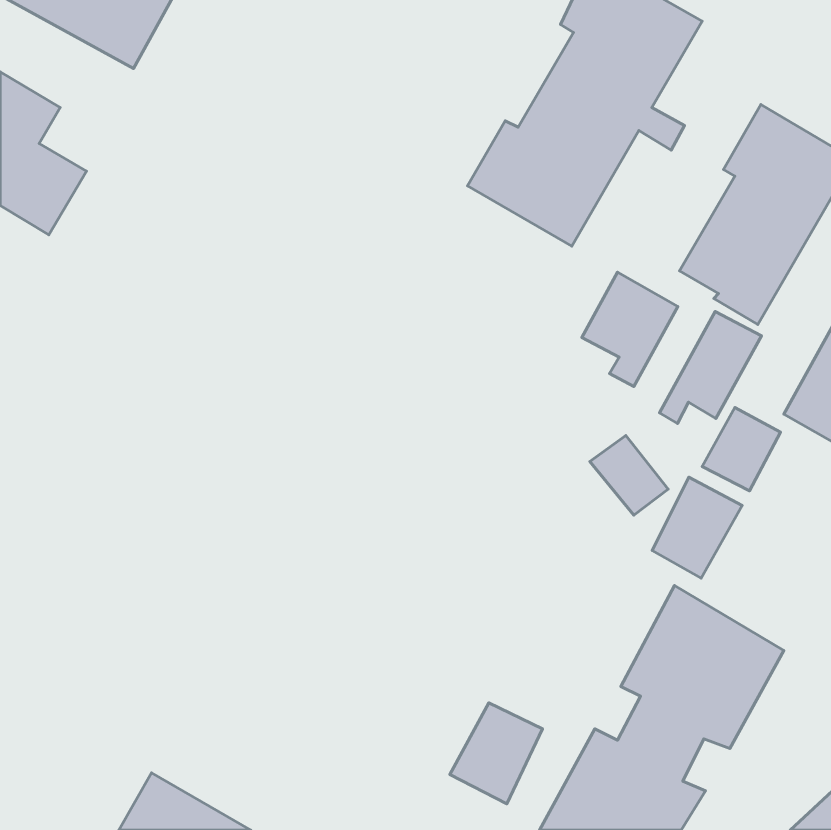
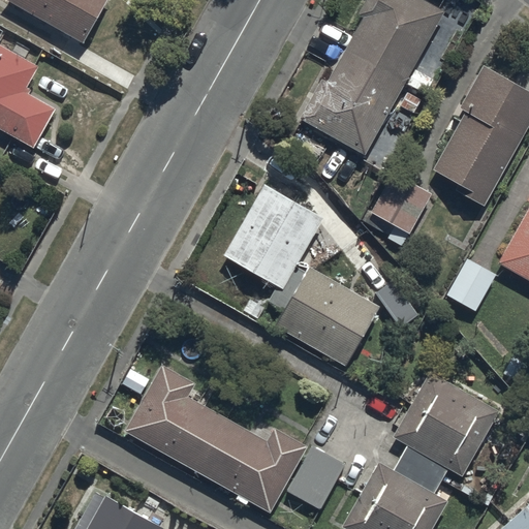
building: none -> [223,185,381,368]
building: [659,312,762,423] -> none
building: [652,477,742,578] -> none
building: none -> [124,365,308,512]

